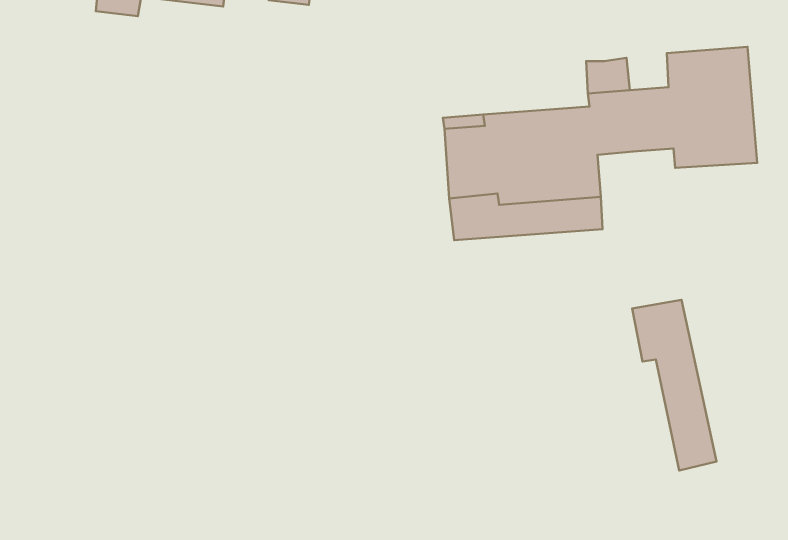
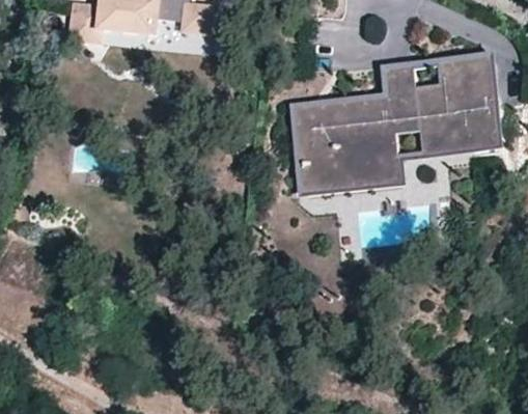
building: none -> [417,126,497,150]
building: [632,300,717,470] -> none

